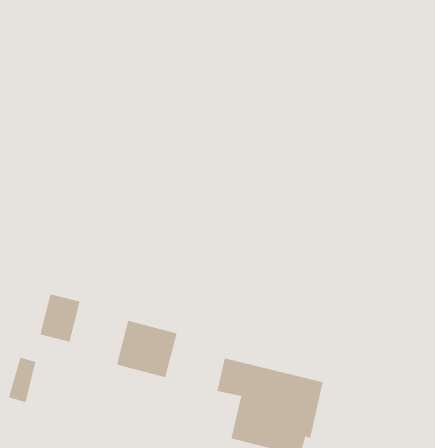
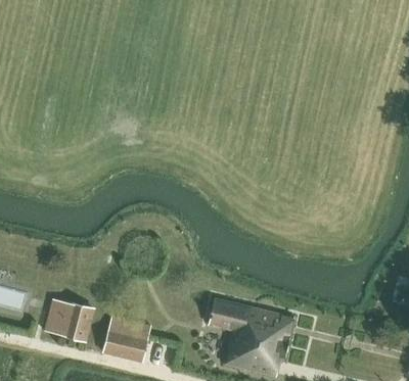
building: [39,294,80,342] -> [58,301,91,340]
building: [116,320,177,378] -> [100,317,149,363]

